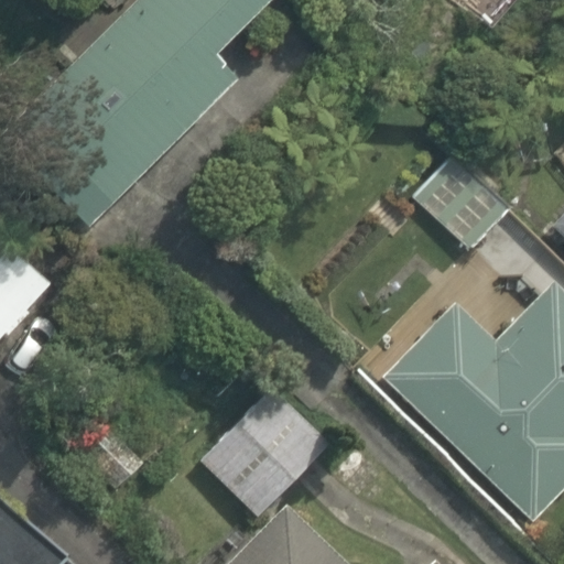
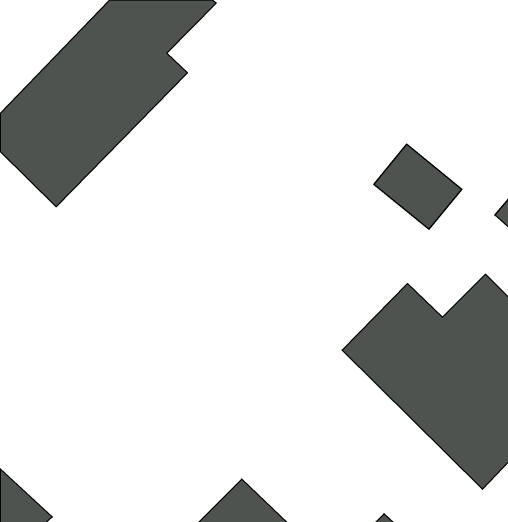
building: [200,381,334,514] -> none

